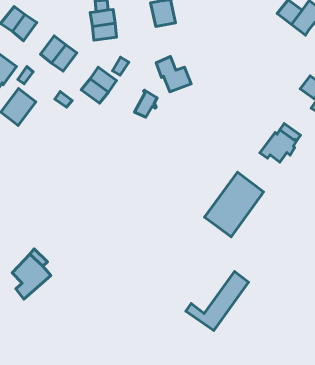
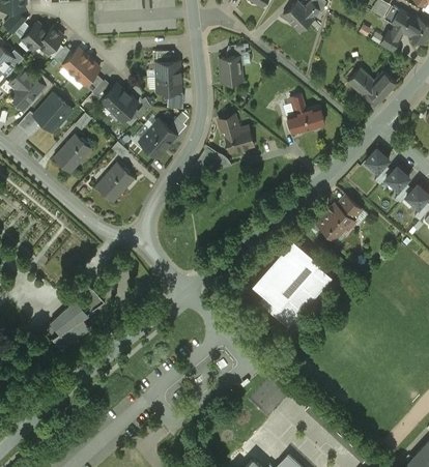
building: none -> [287,95,324,134]
building: none -> [95,163,135,203]
building: [186,271,249,331] -> [261,267,328,326]

